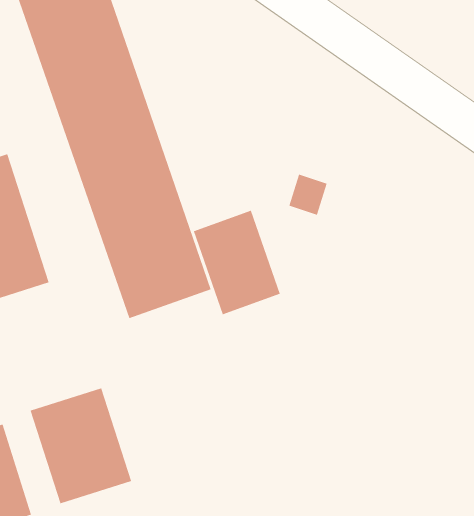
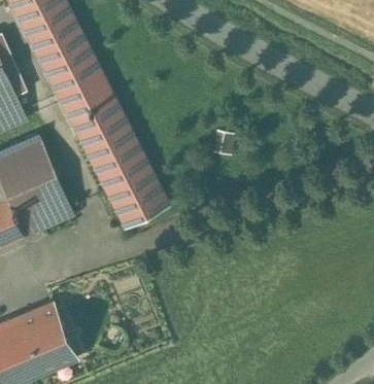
building: [193,210,281,315] -> none
building: [30,388,132,504] -> none

